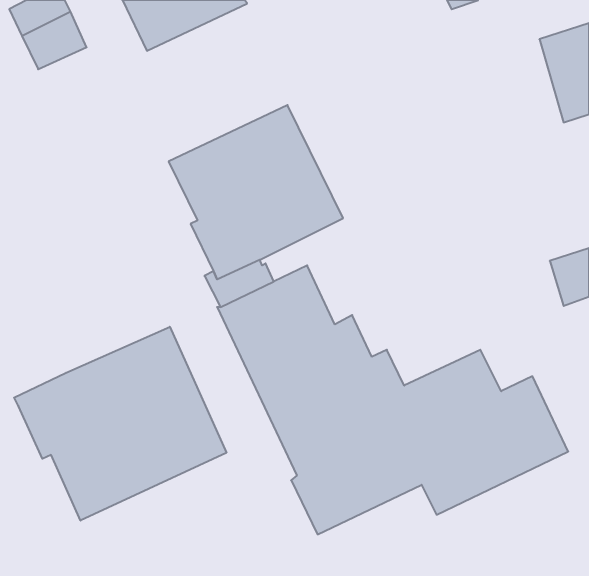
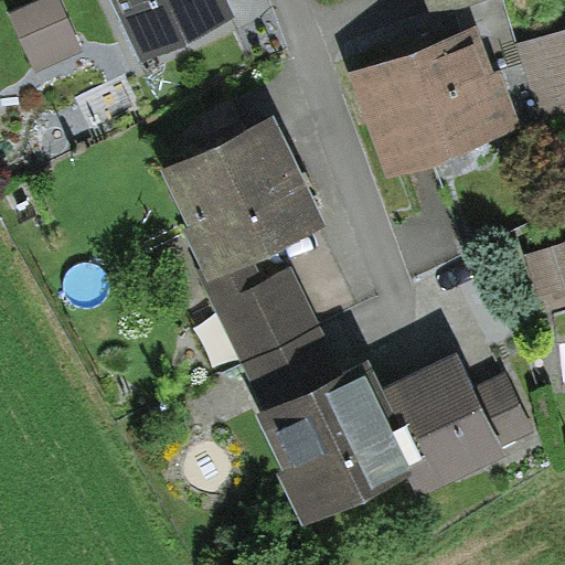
building: none -> [348,26,522,179]
building: [14,327,226,521] -> none

